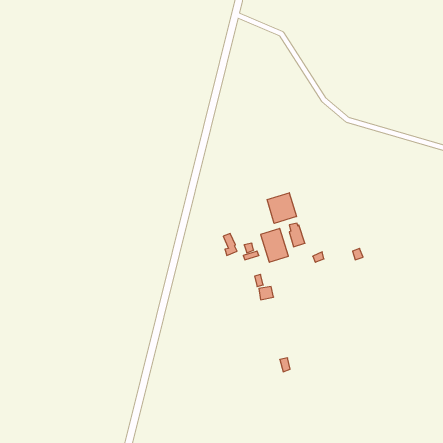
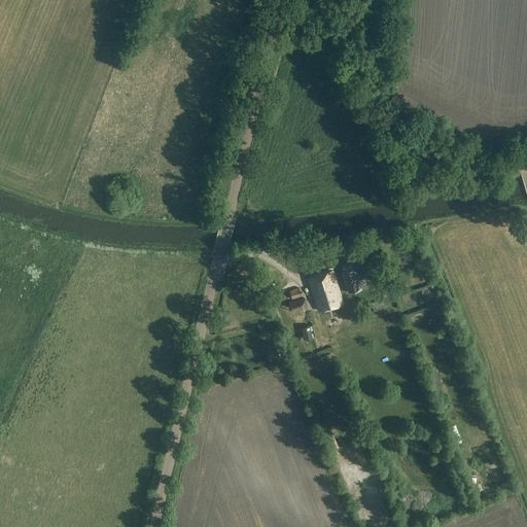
building: [267,193,296,223] -> none

